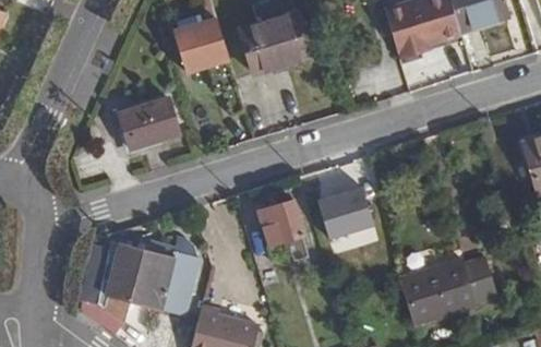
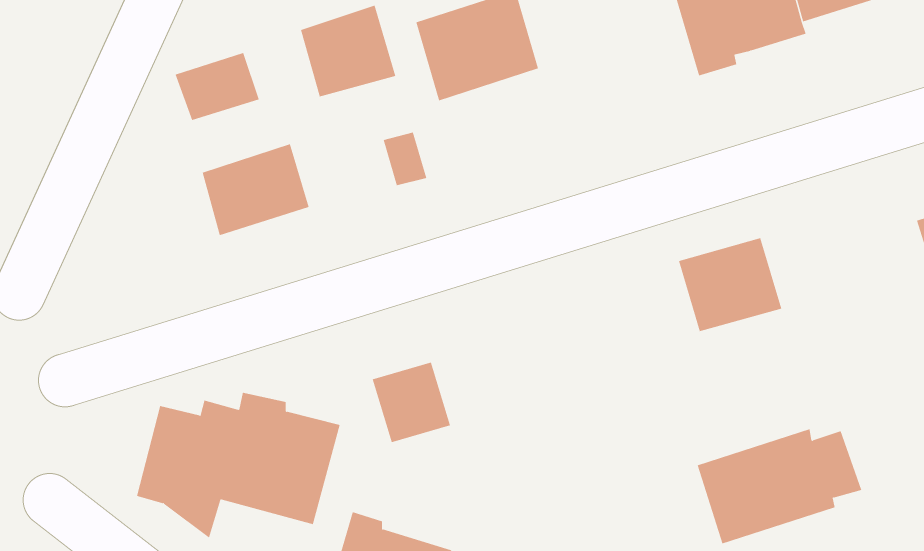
building: none -> [175,52,260,121]
building: [315,186,374,239] -> [678,238,782,332]
building: [257,198,302,243] -> [372,362,451,443]

